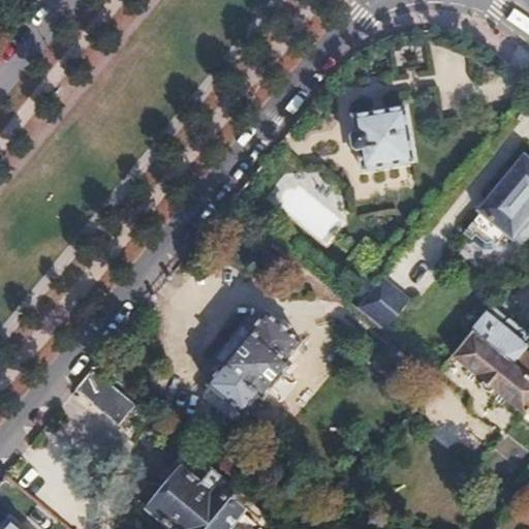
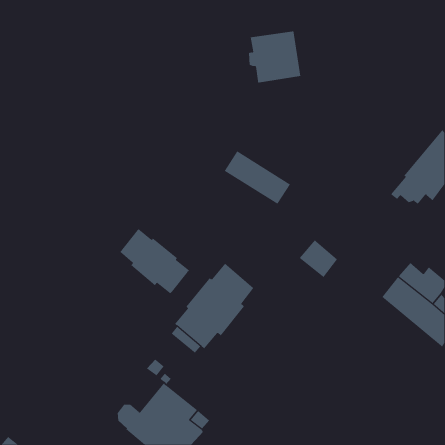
building: [349,108,412,170] -> [248,31,301,83]
building: none -> [120,228,190,294]
building: [74,368,134,424] -> none

